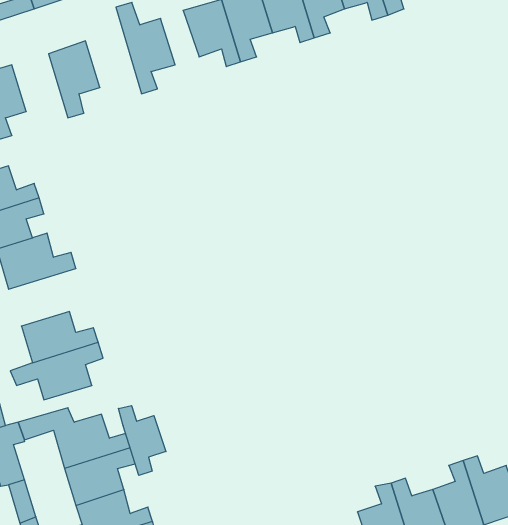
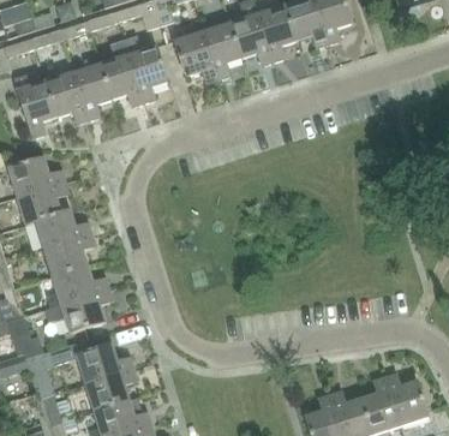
building: none -> [101,38,143,107]
building: none -> [46,73,88,125]
building: none -> [43,234,97,277]
building: [118,406,166,475] -> none

